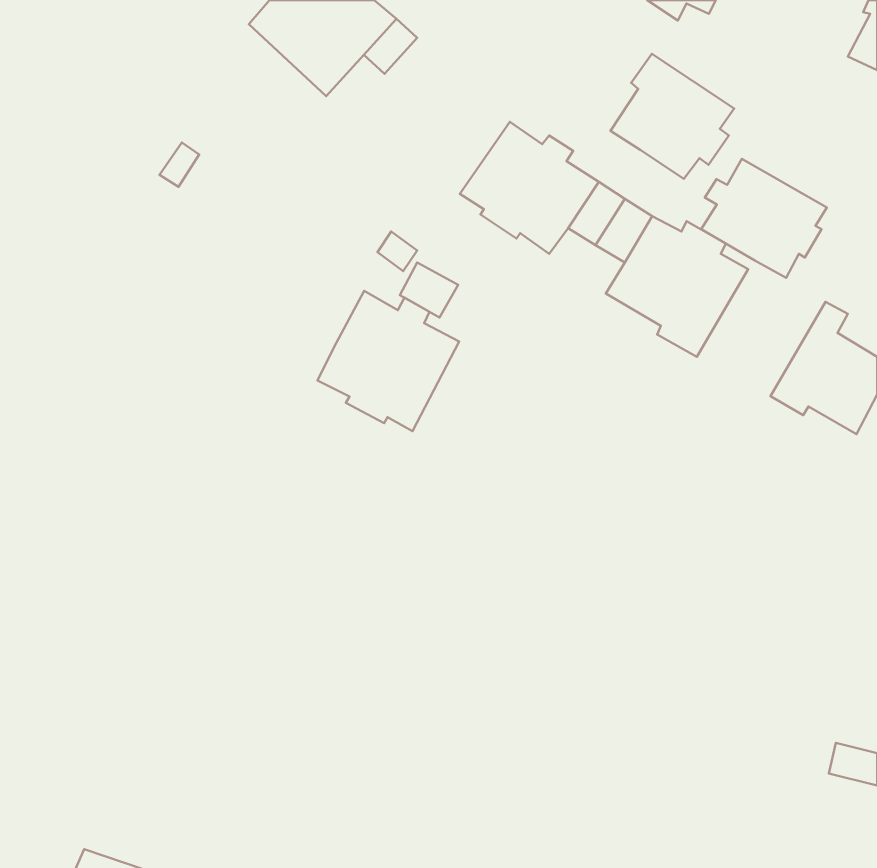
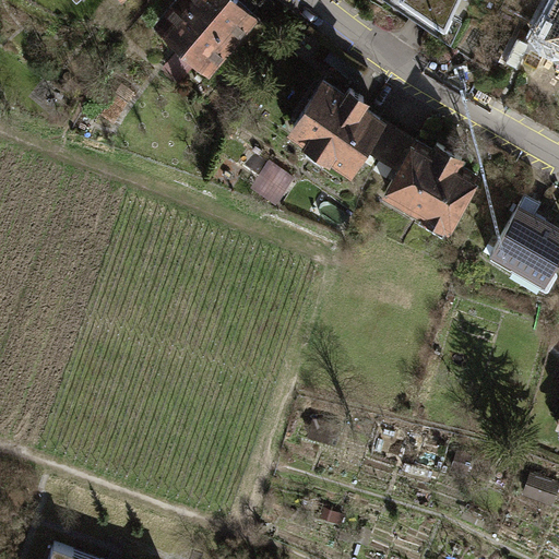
building: [610,54,734,179] -> none
building: [701,159,827,278] -> none
building: [317,291,459,431] -> none

